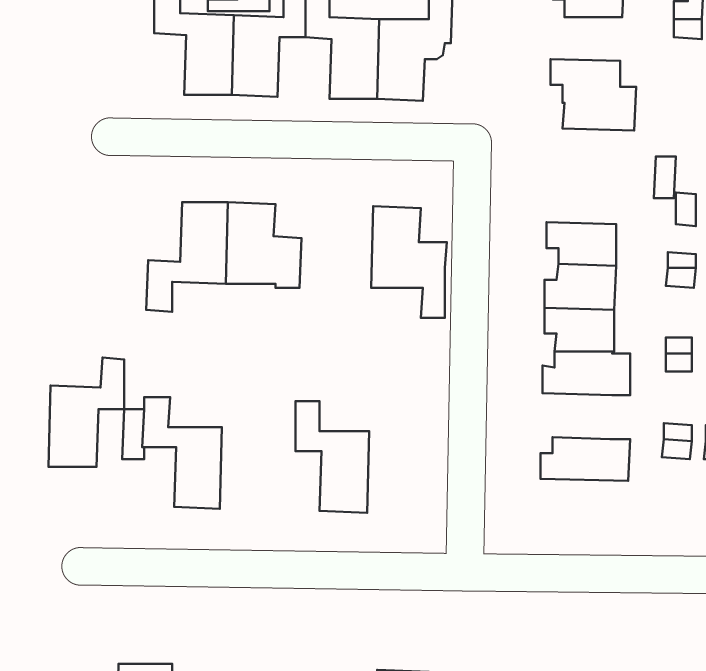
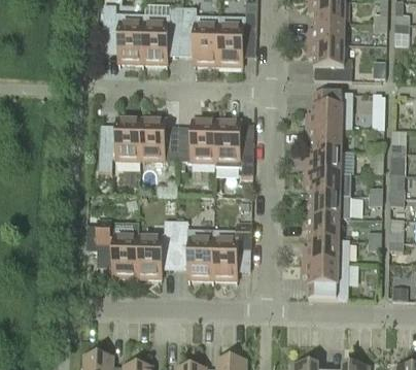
building: none -> [308,21,345,43]
building: none -> [306,91,352,129]
building: none -> [192,119,216,161]
building: [49,358,124,467] -> [137,218,176,275]
building: none -> [303,215,340,239]
building: none -> [213,221,251,277]
building: none -> [302,260,348,297]

